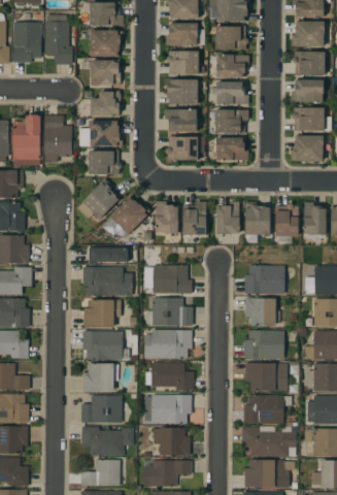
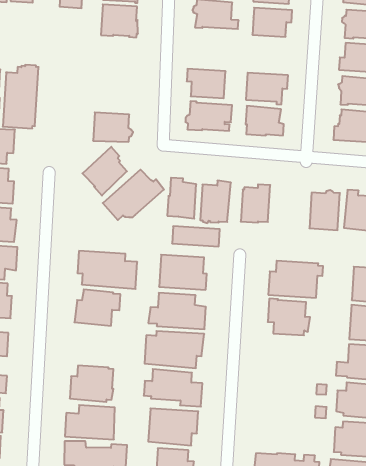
building: [165,79,197,105] -> none
building: [208,81,248,104] -> none
building: [90,91,120,117] -> none
building: [43,116,71,162] -> none
building: [78,121,122,146] -> none
building: [244,202,270,235] -> none
building: [88,248,127,262] -> [172,226,220,246]
building: [243,330,283,359] -> none
building: [81,331,129,360] -> none
building: [244,363,287,391] -> none
building: [242,395,291,424] -> none

